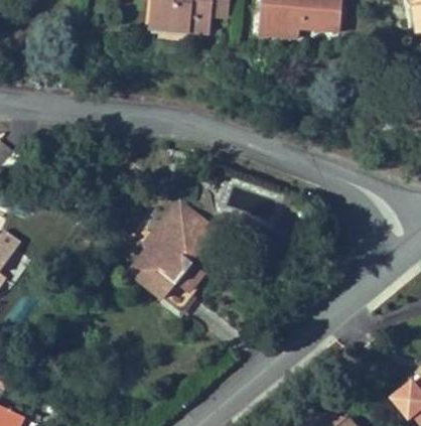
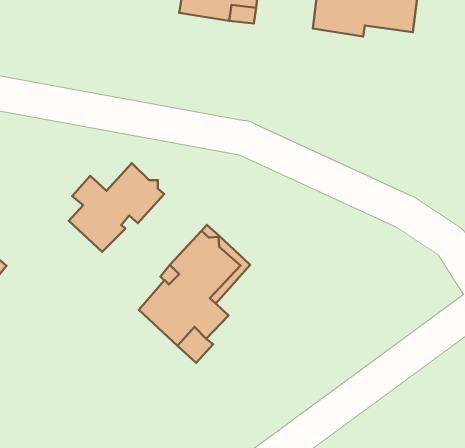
building: none -> [69,163,164,252]

